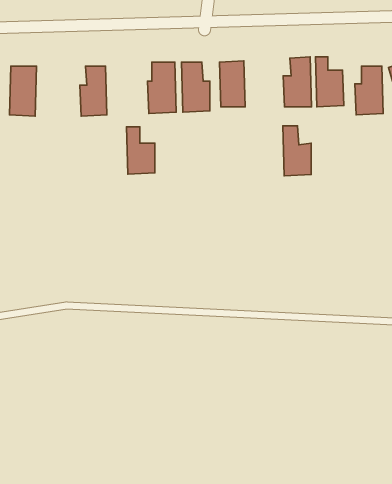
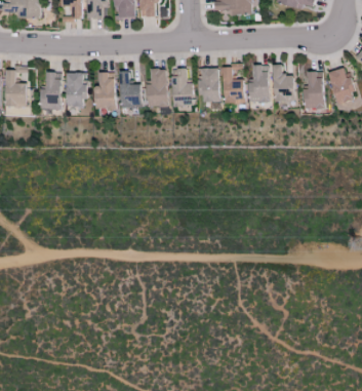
building: none -> [67,73,85,107]
building: [283,126,311,176] -> [223,66,244,104]
building: [126,127,155,174] -> [119,72,140,108]

